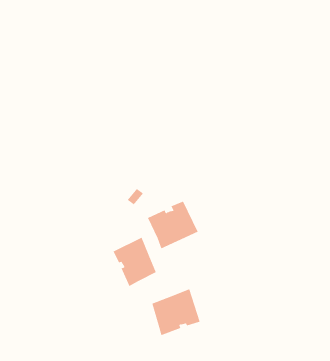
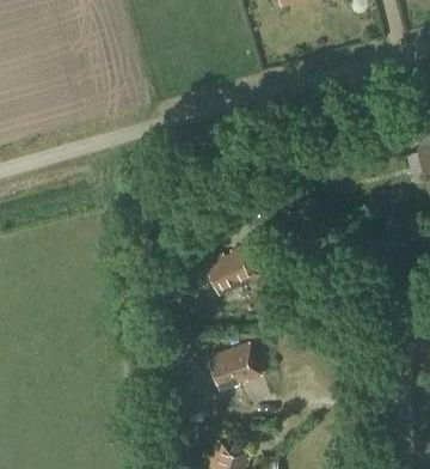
building: [113,237,157,287] -> none

